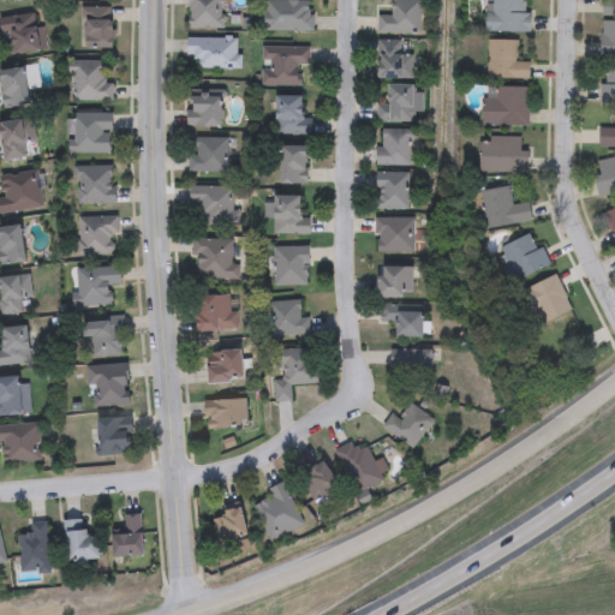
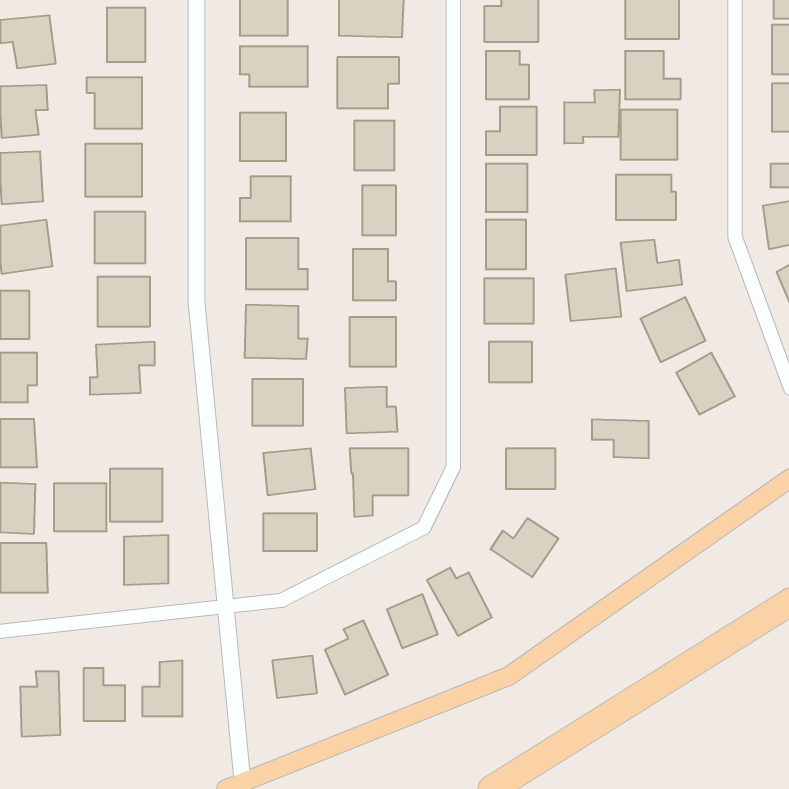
building: none -> [564,89,620,144]
building: none -> [566,268,621,321]
building: [381,306,425,336] -> [592,420,649,458]
building: [84,318,125,356] -> [54,483,107,531]

